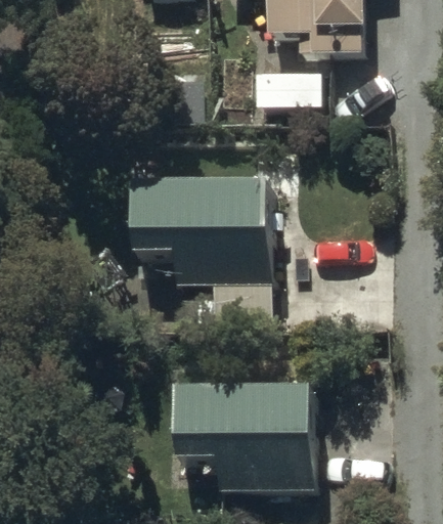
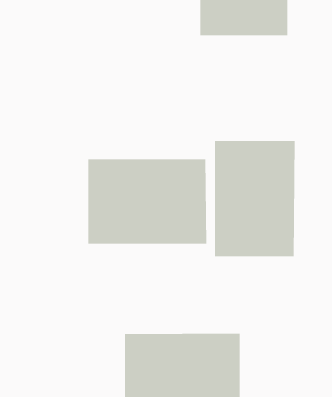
building: none -> [215,140,295,257]

